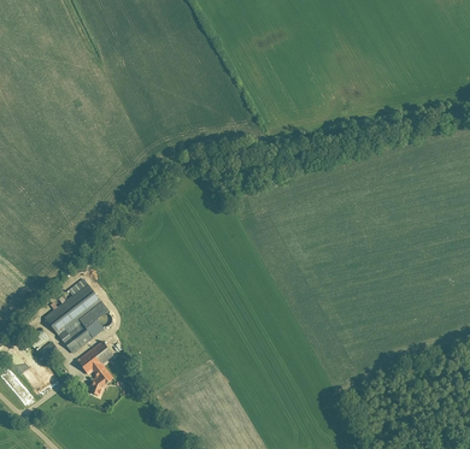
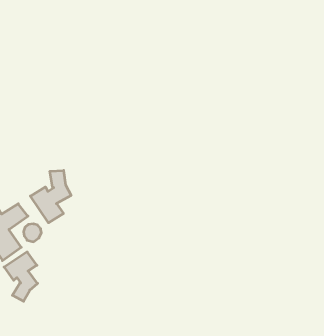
building: none -> [30,170,71,223]

